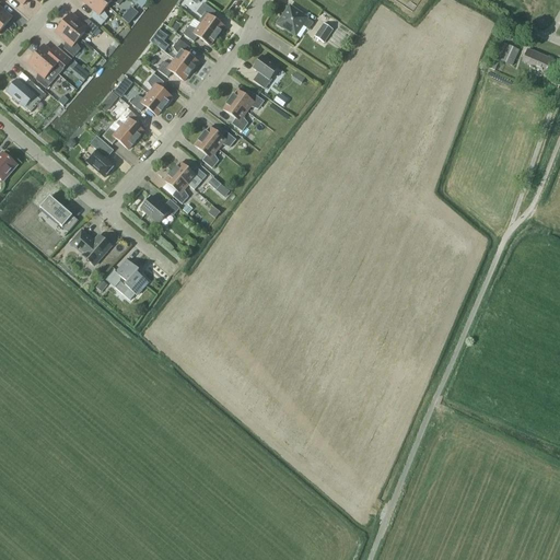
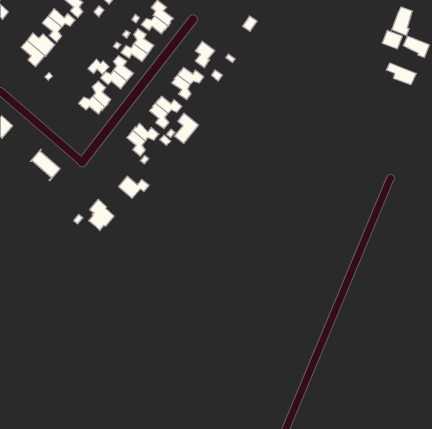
building: [276,4,313,32] -> none
building: none -> [392,7,412,36]
building: [7,78,45,105] -> none
building: none -> [386,63,416,85]
building: [86,133,115,175] -> none
building: none -> [174,113,198,143]
building: [140,194,179,222] -> [119,176,149,198]
building: [70,229,110,264] -> none

